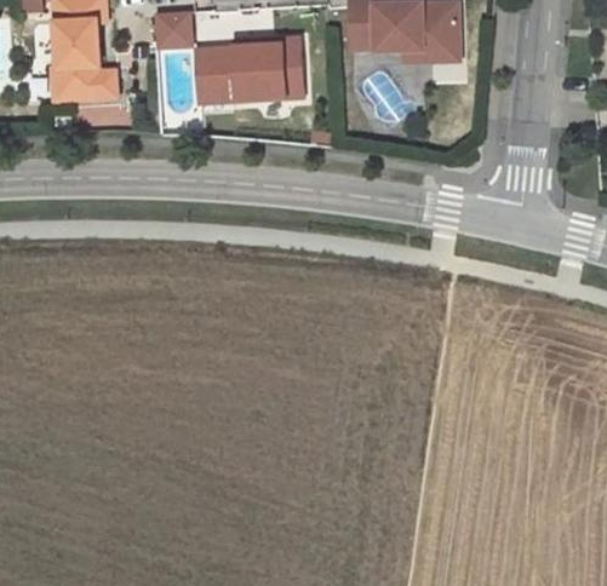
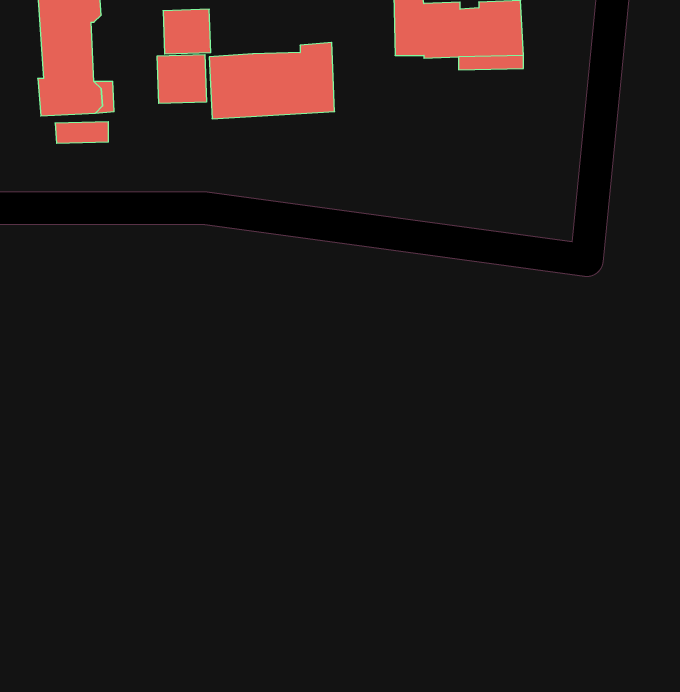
building: none -> [157,55,206,103]

